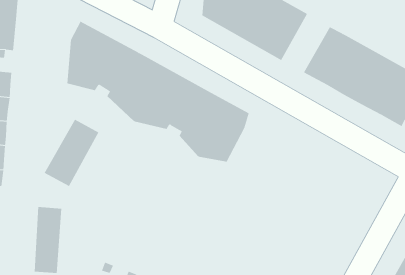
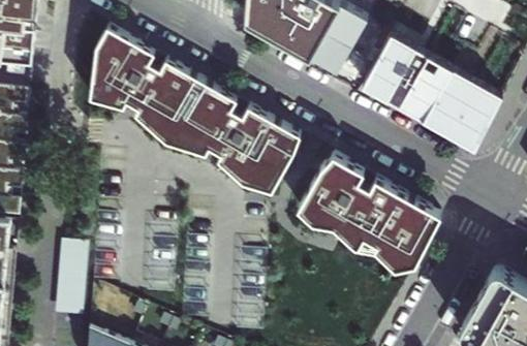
building: [44,119,99,187] -> none
building: none -> [302,155,442,268]

